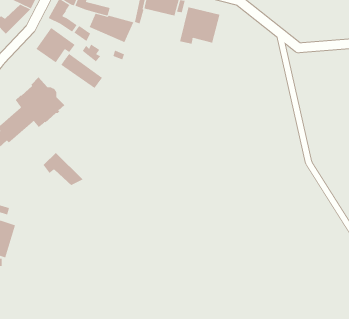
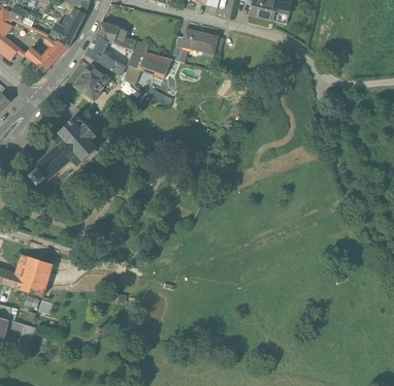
building: [179,6,220,45] -> none
building: [60,53,103,89] -> none
building: [43,152,84,186] -> none

